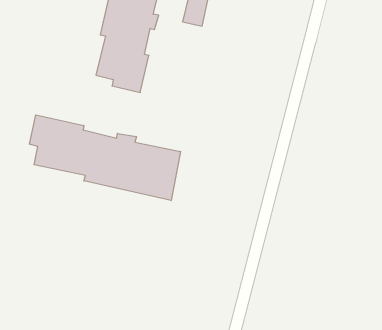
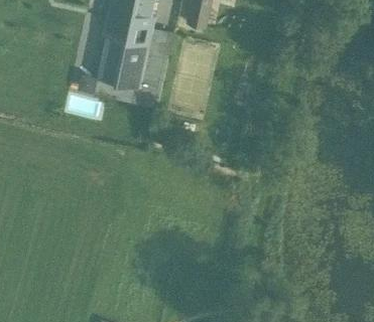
building: [30,115,180,201] -> none

